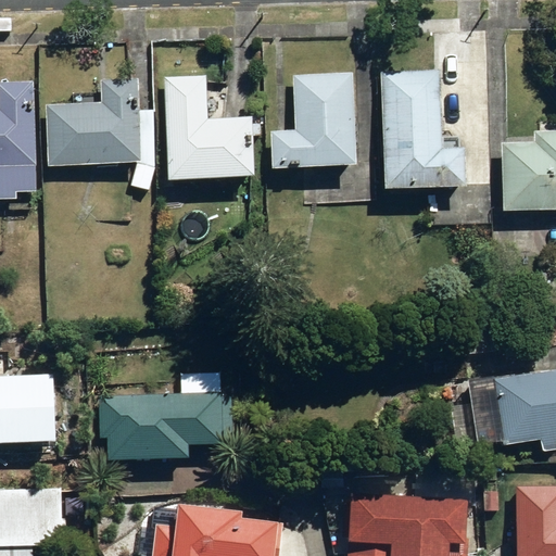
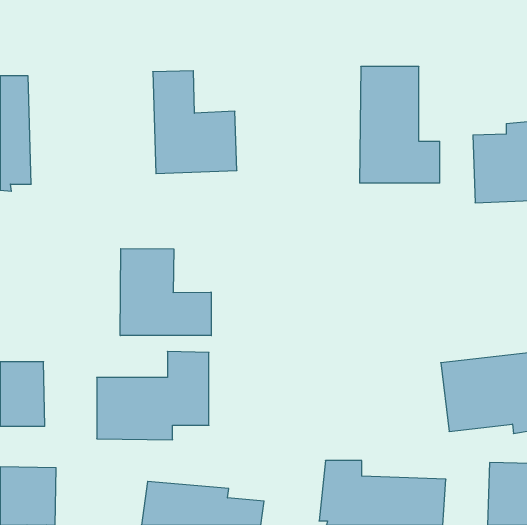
building: [269,71,354,169] -> none
building: [43,78,140,166] -> none
building: none -> [120,249,211,336]

